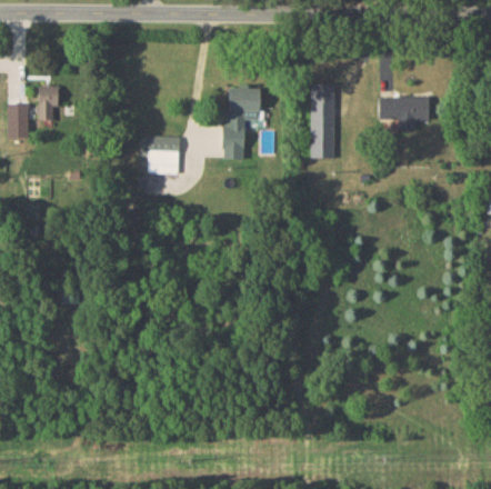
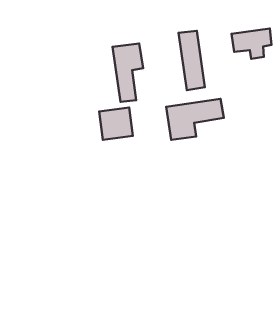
building: [140,136,180,173] -> [99,108,133,140]
building: none -> [166,99,224,140]

